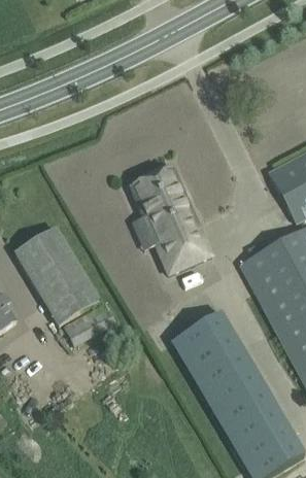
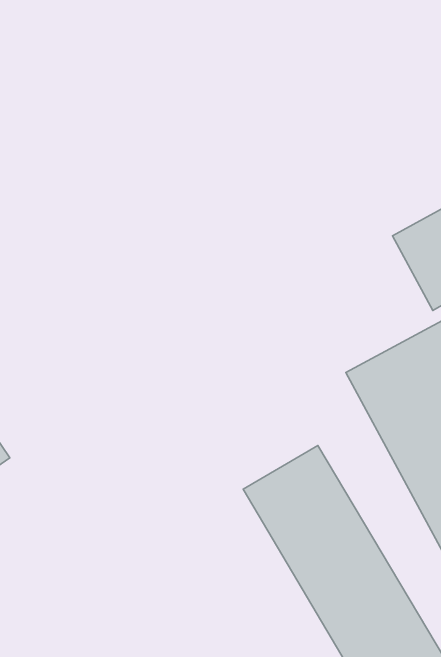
building: [130,165,212,273] -> none
building: [15,227,99,325] -> none

